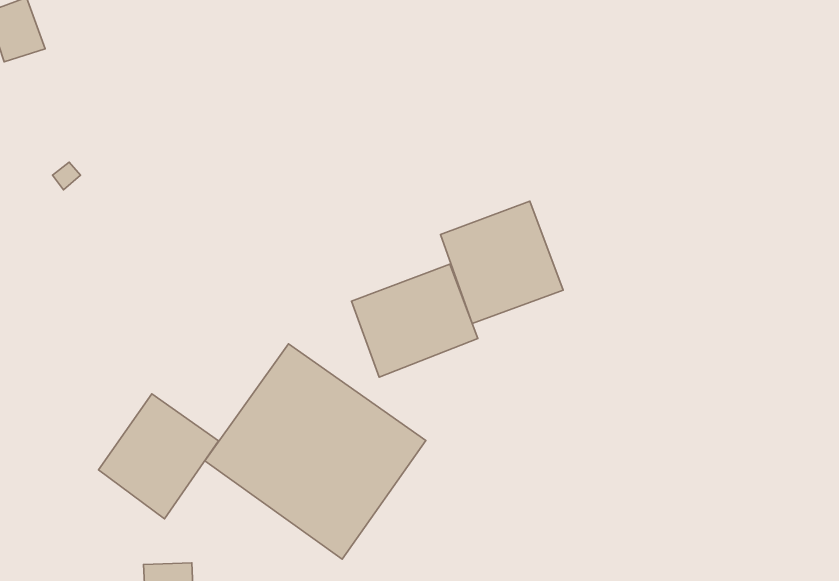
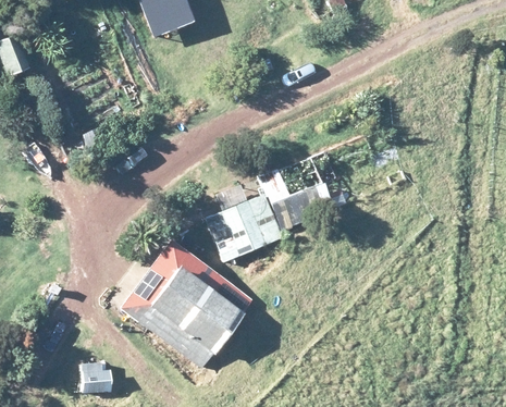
building: [98,394,219,519] -> none

